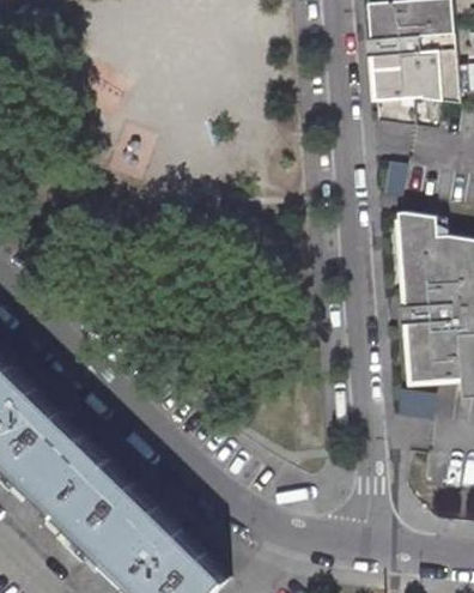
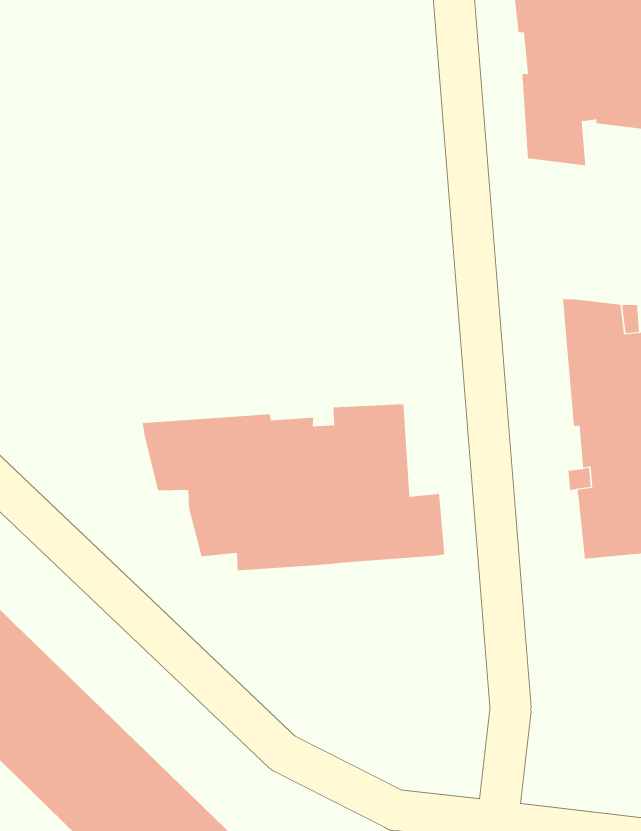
building: none -> [142,403,445,571]

